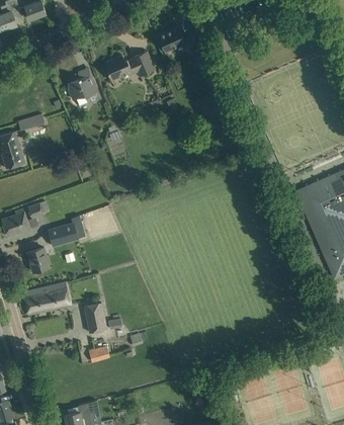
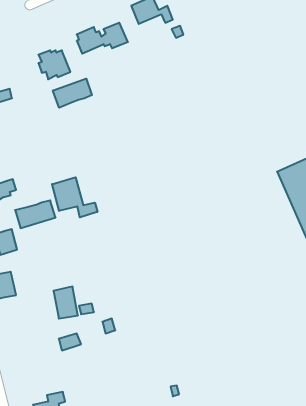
building: none -> [53,79,92,108]
building: none -> [52,177,97,217]
building: [42,283,70,311] -> none

